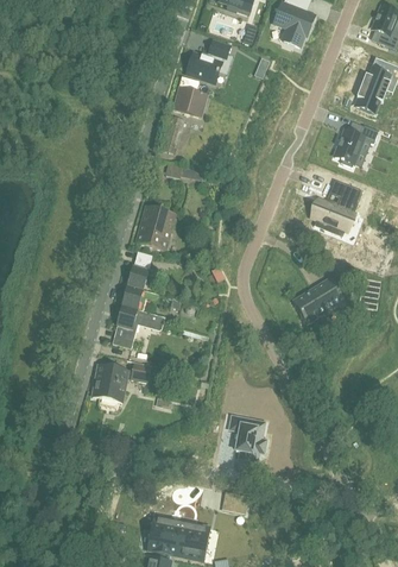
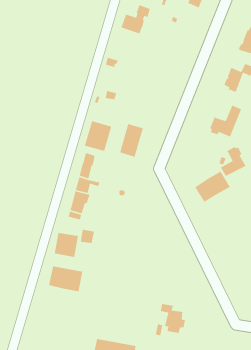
building: [171,76,208,118] -> none
building: none -> [119,123,144,158]
building: none -> [220,146,247,178]
building: none -> [48,265,83,292]
building: [228,416,265,460] -> [160,303,186,334]

